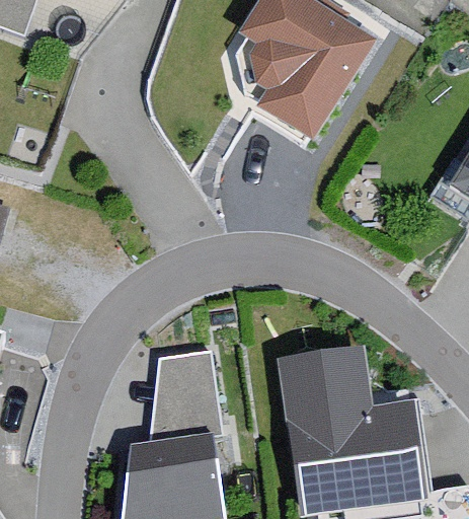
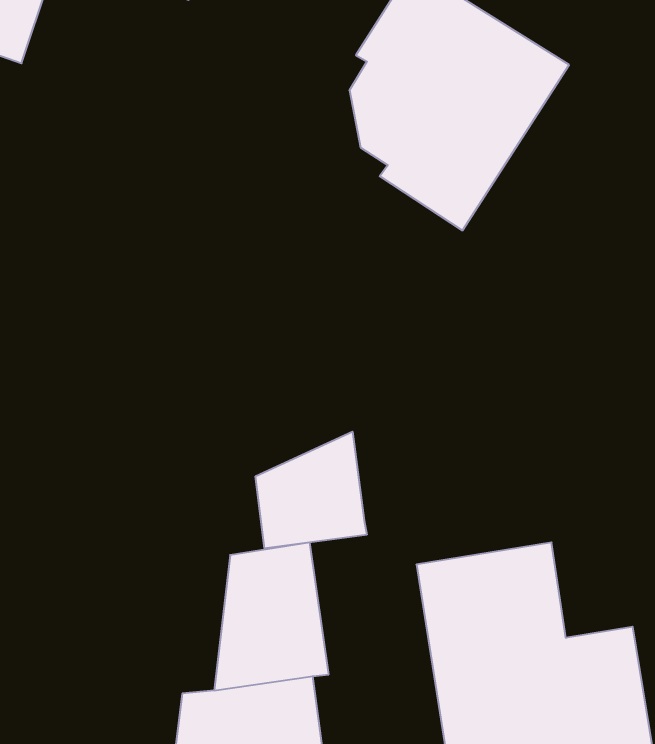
building: none -> [256,432,367,548]

